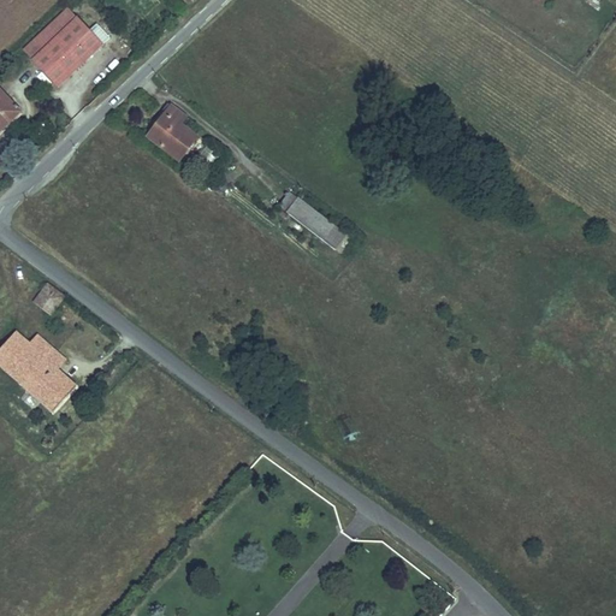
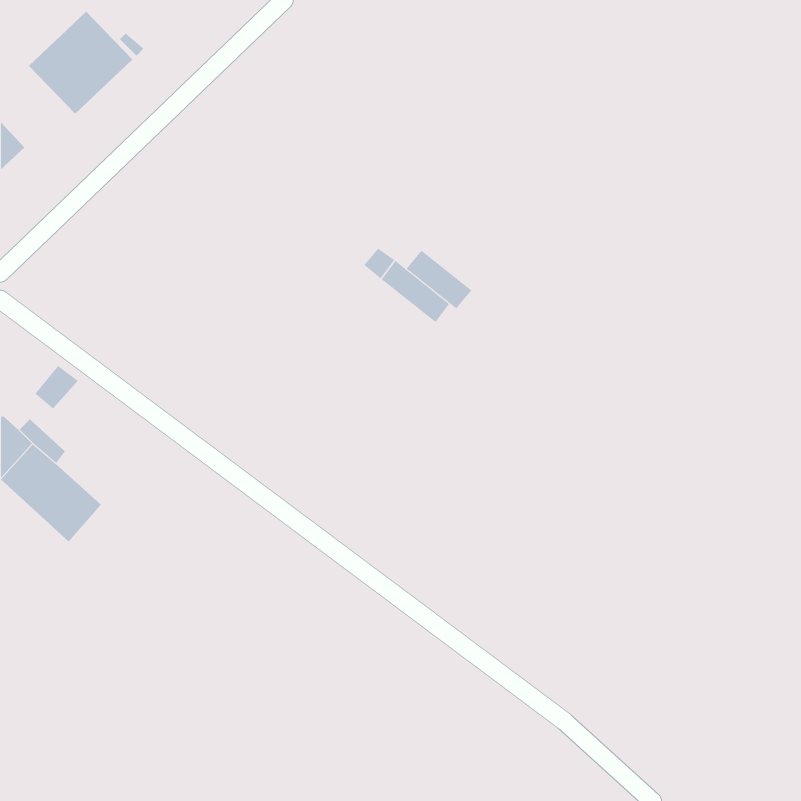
building: [149,105,195,155] -> none
building: none -> [406,250,472,309]

